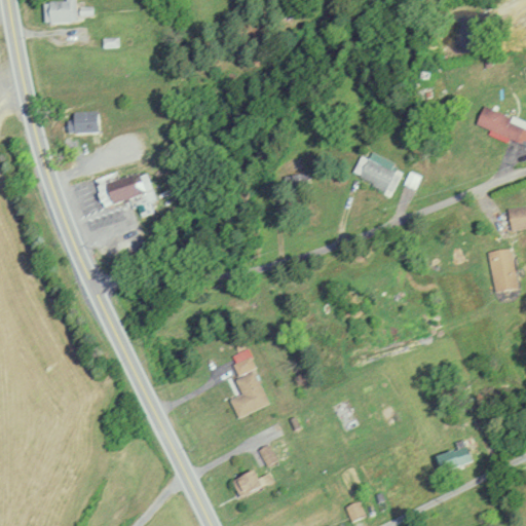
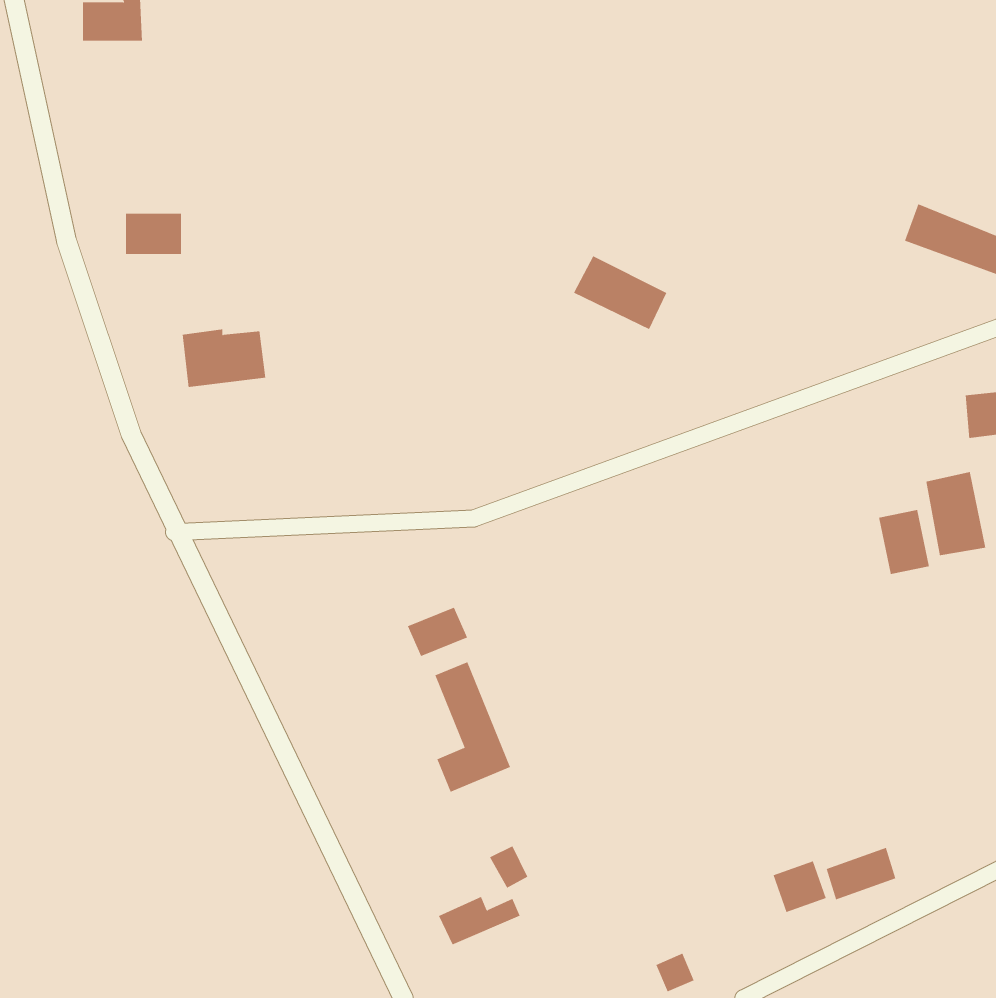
building: [352,154,402,193] -> [573,256,667,330]
building: none -> [879,509,929,575]
building: none -> [407,607,468,657]
building: none -> [773,861,827,913]

